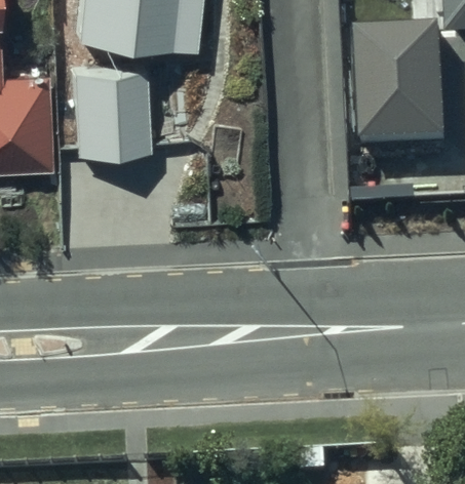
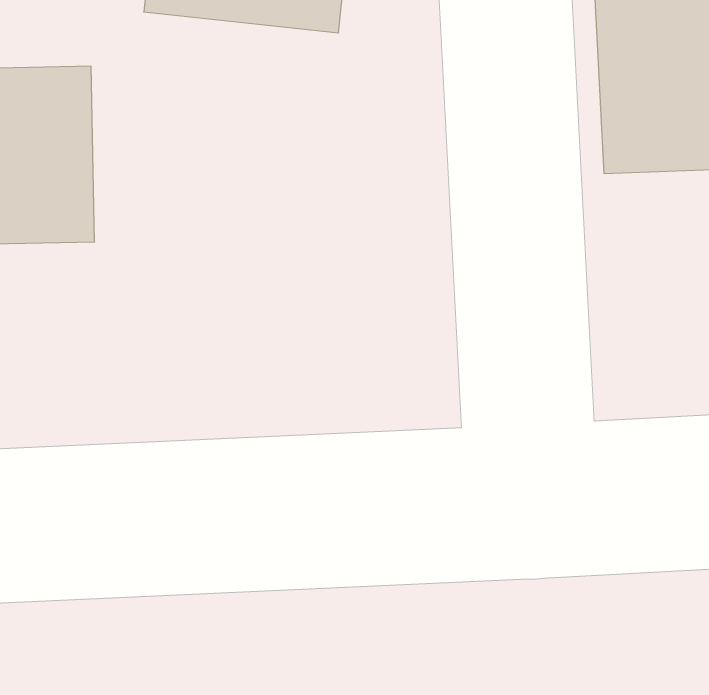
building: [71,57,146,147] -> none

